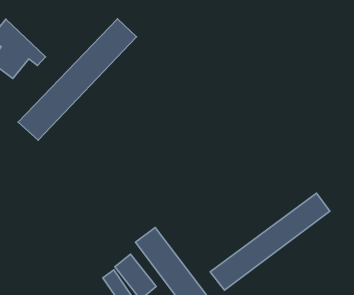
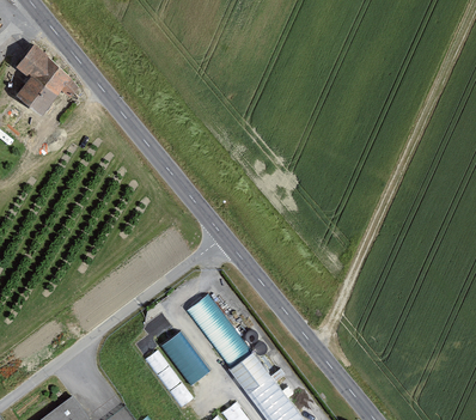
building: [18,19,136,140] -> none
building: [210,193,330,290] -> none

